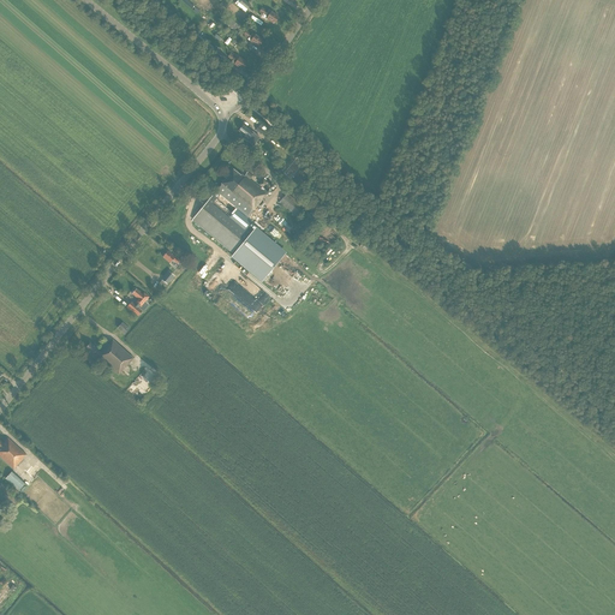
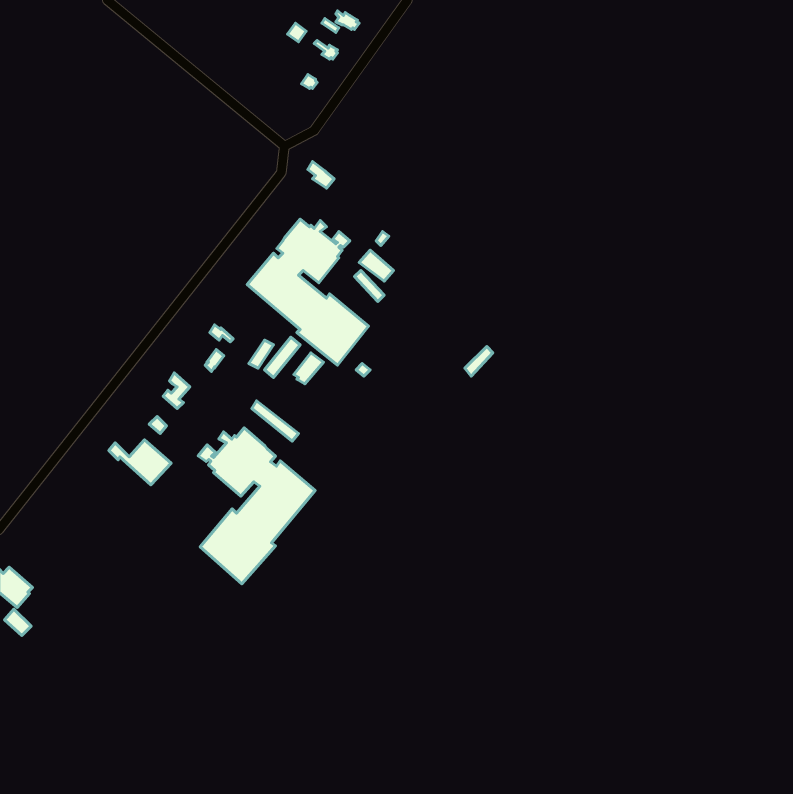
building: none -> [198,428,315,584]

